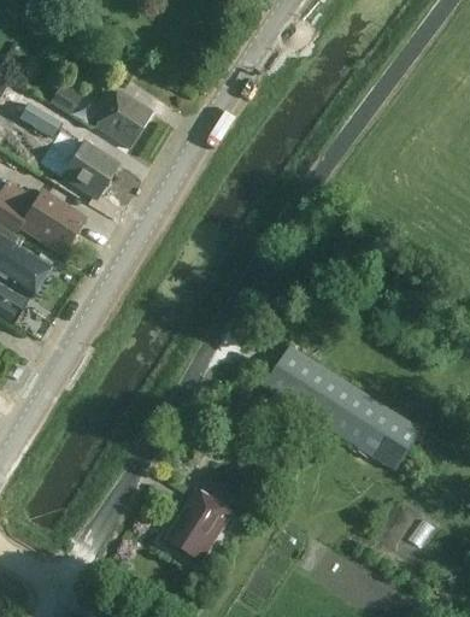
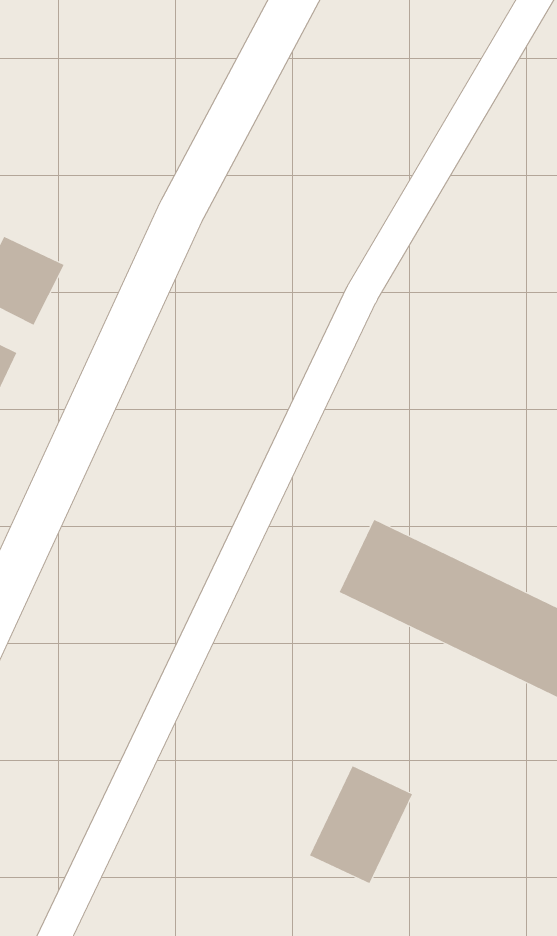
building: [93,93,149,151] -> none
building: [165,487,233,560] -> [309,766,413,884]

